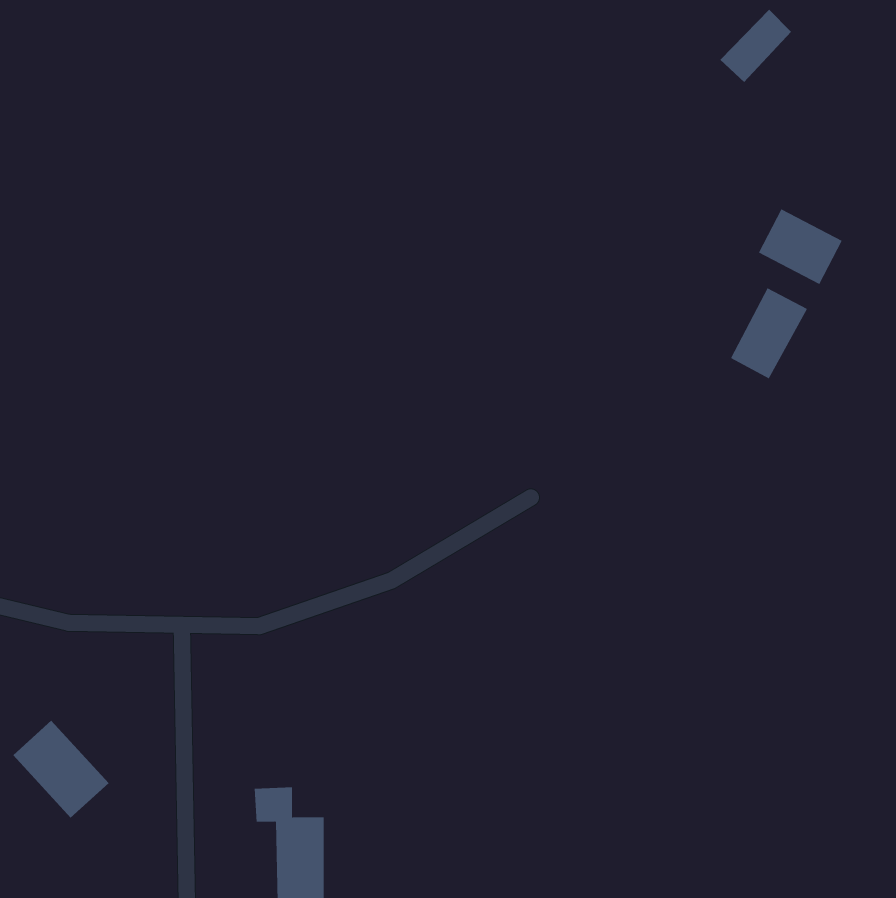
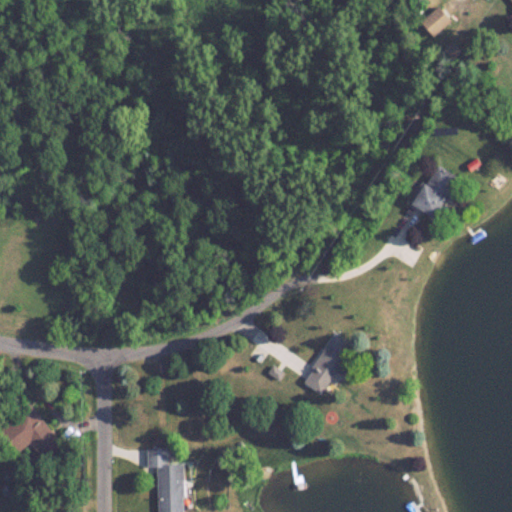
building: [758,209,842,285] -> none
building: none -> [301,334,353,396]

